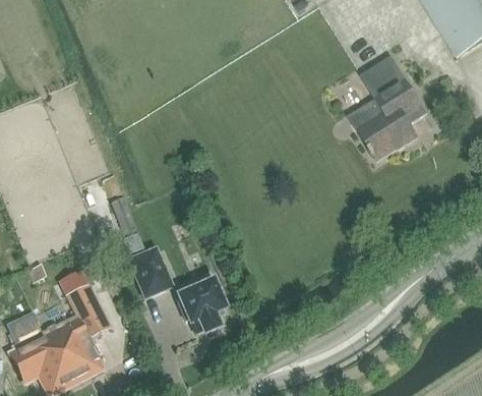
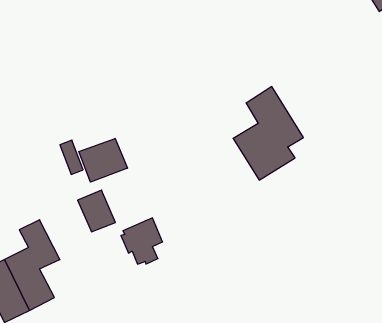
building: [347,56,424,159] -> [233,87,303,180]
building: none -> [79,138,127,182]

